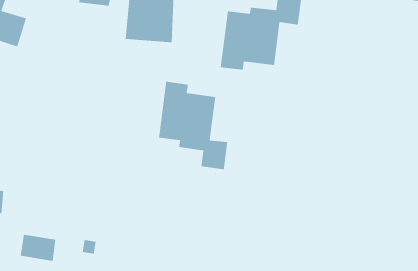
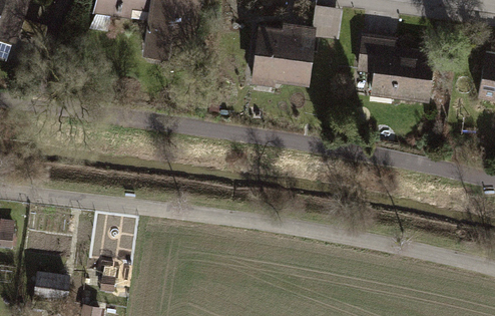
building: none -> [357,36,438,102]
building: [159,81,228,170] -> none

